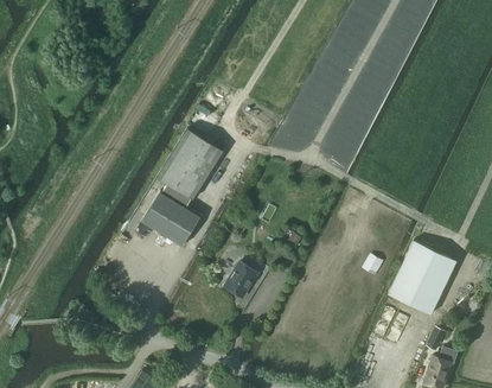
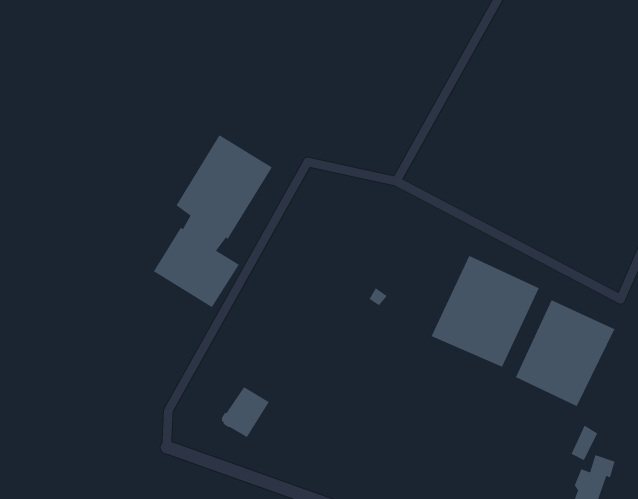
building: none -> [430,255,540,368]
building: [224,262,257,298] -> [221,386,270,438]

